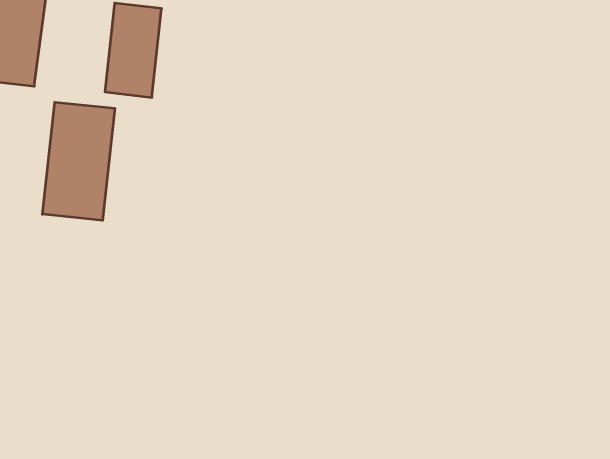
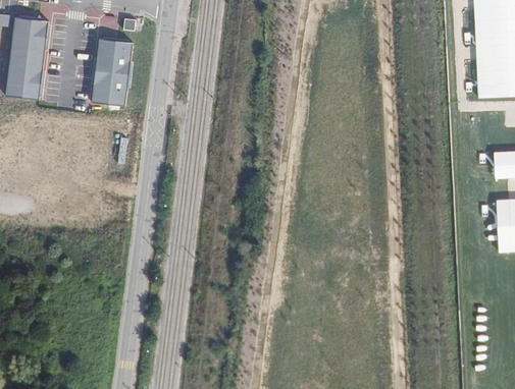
building: [42,102,115,220] -> none

